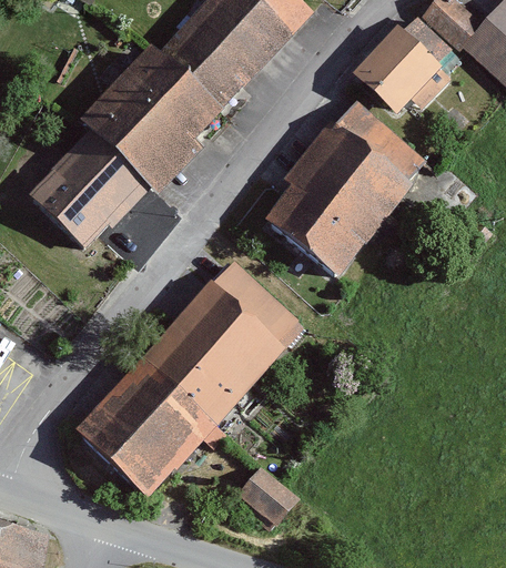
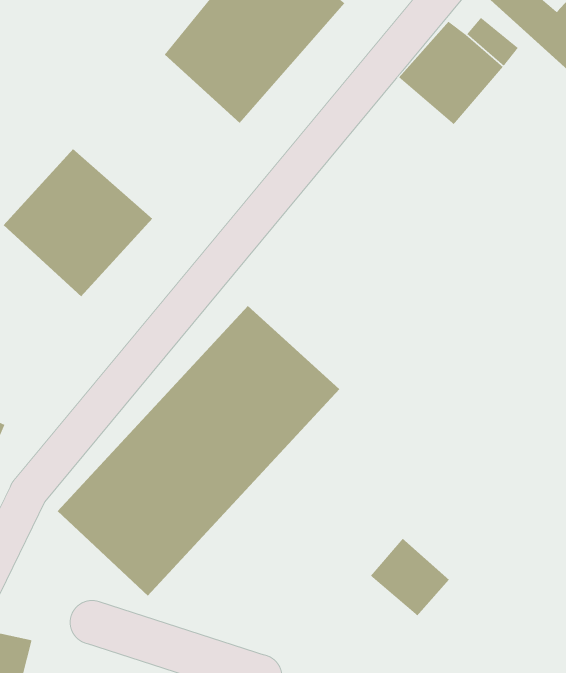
building: [75,42,222,189] -> none
building: [264,103,433,278] -> none
building: [234,466,300,530] -> [370,538,450,616]

